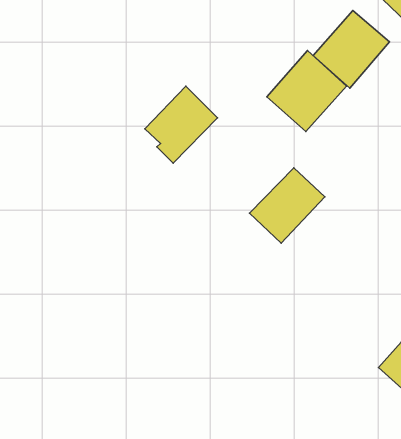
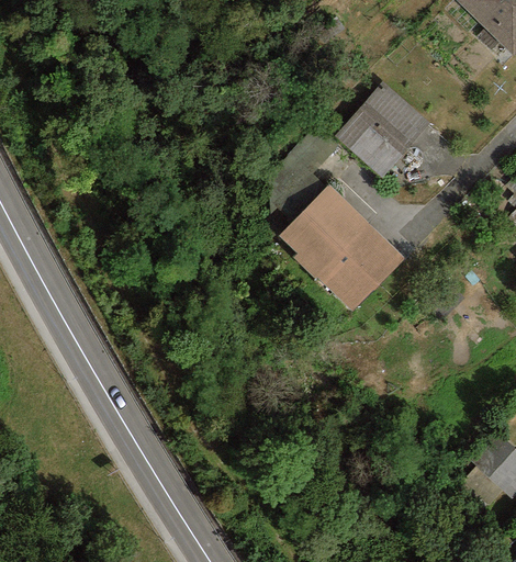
building: [313,10,390,88] -> none
building: [145,86,218,163] -> [280,183,368,277]

